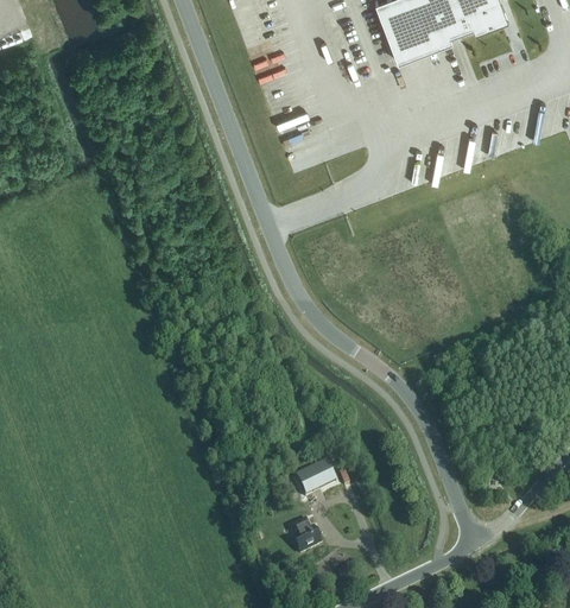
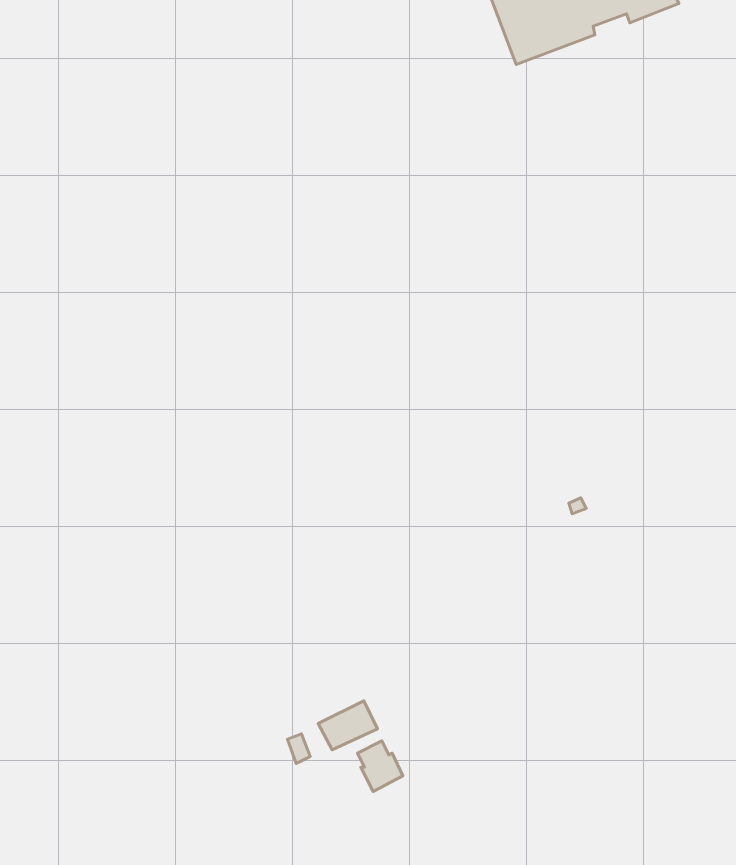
building: [294,461,335,494] -> [318,701,378,750]

